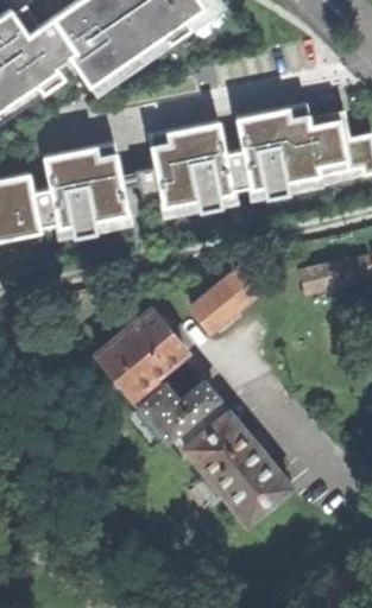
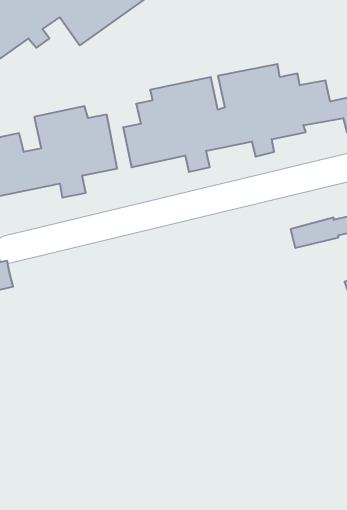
building: [185,264,258,334] -> none
building: [100,312,292,524] -> none

